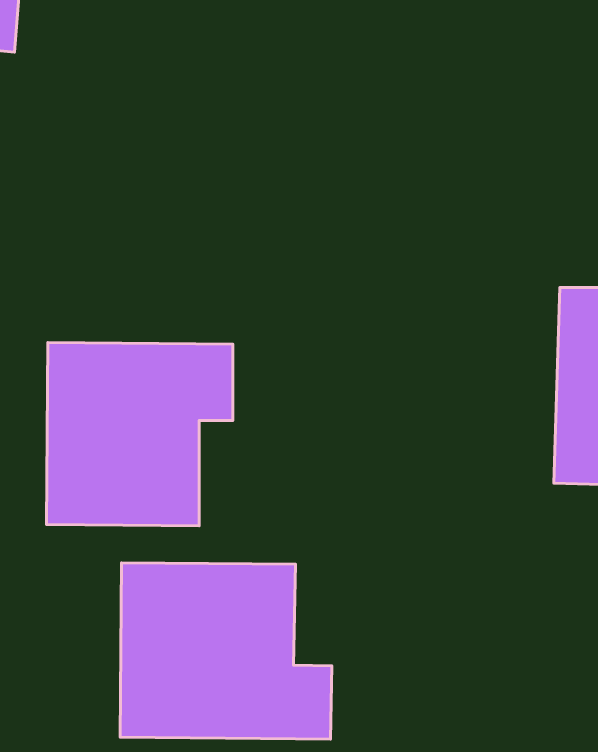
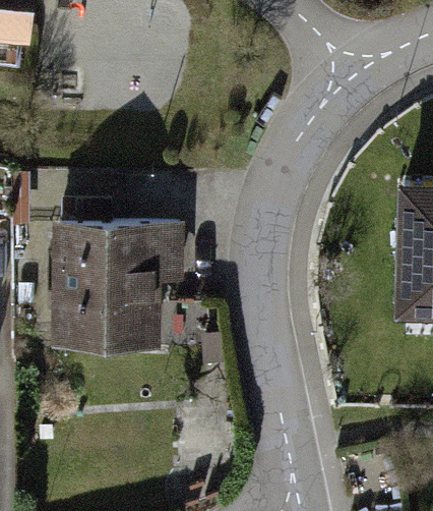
building: [120,563,332,739] -> none

